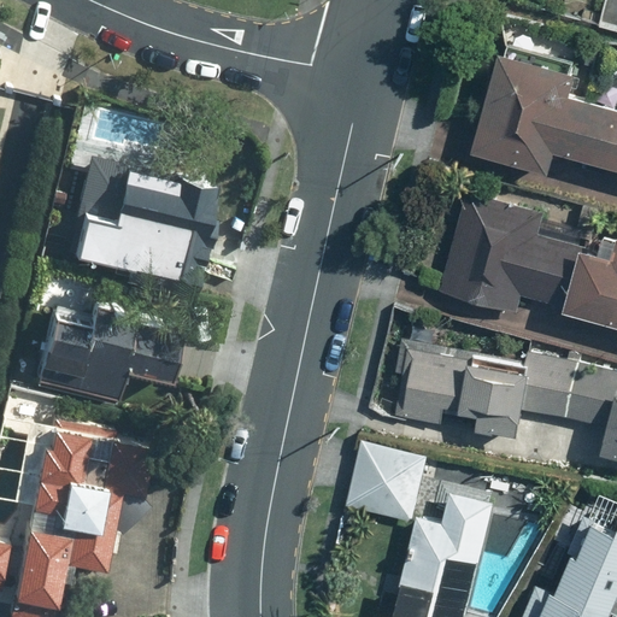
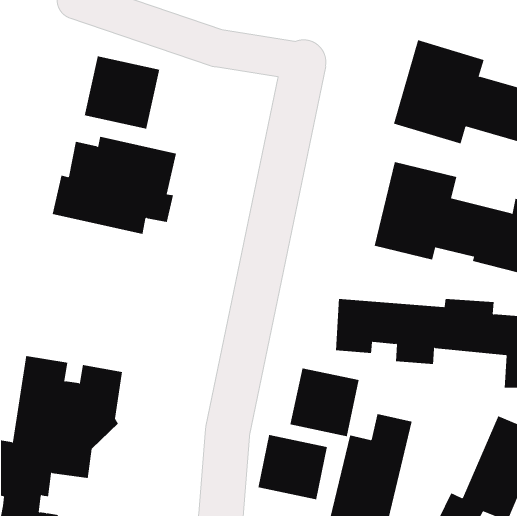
building: none -> [84,56,160,129]
building: [30,307,178,399] -> none
building: none -> [258,434,327,500]

